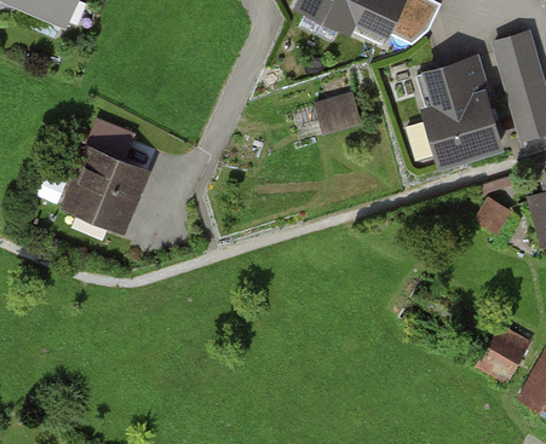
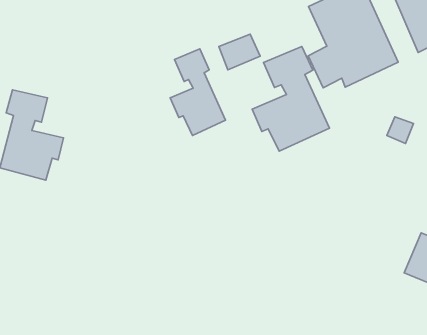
building: none -> [170,49,225,136]
building: none -> [252,47,330,151]

